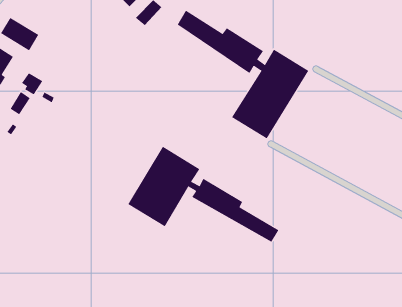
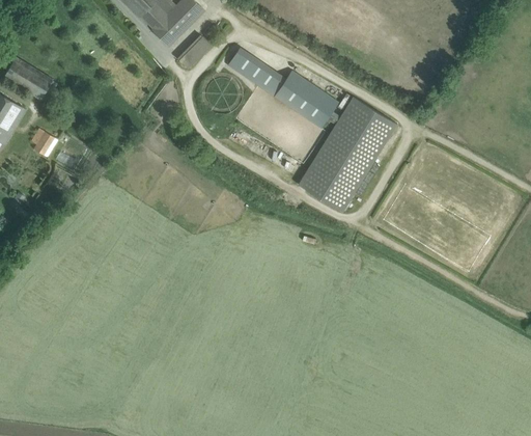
building: [10,91,30,115] -> none
building: [127,146,279,242] -> none

